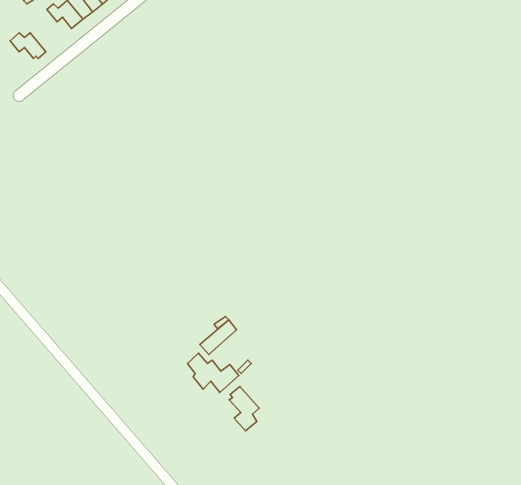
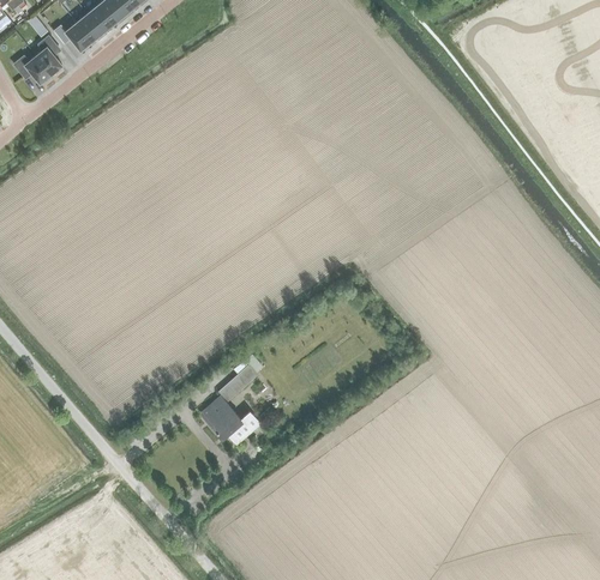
building: none -> [36,36,62,77]
building: [229,386,259,431] -> none

